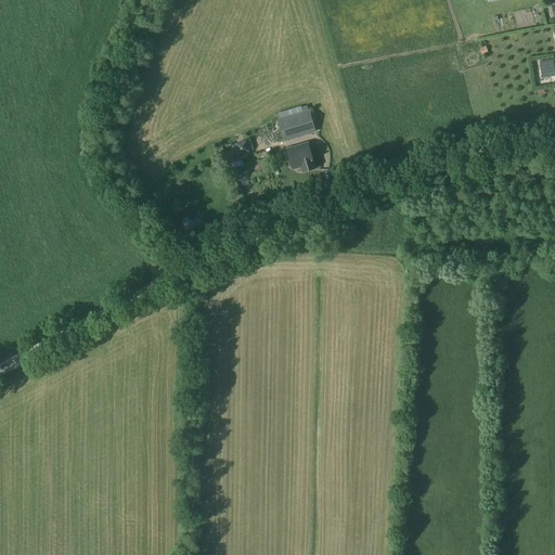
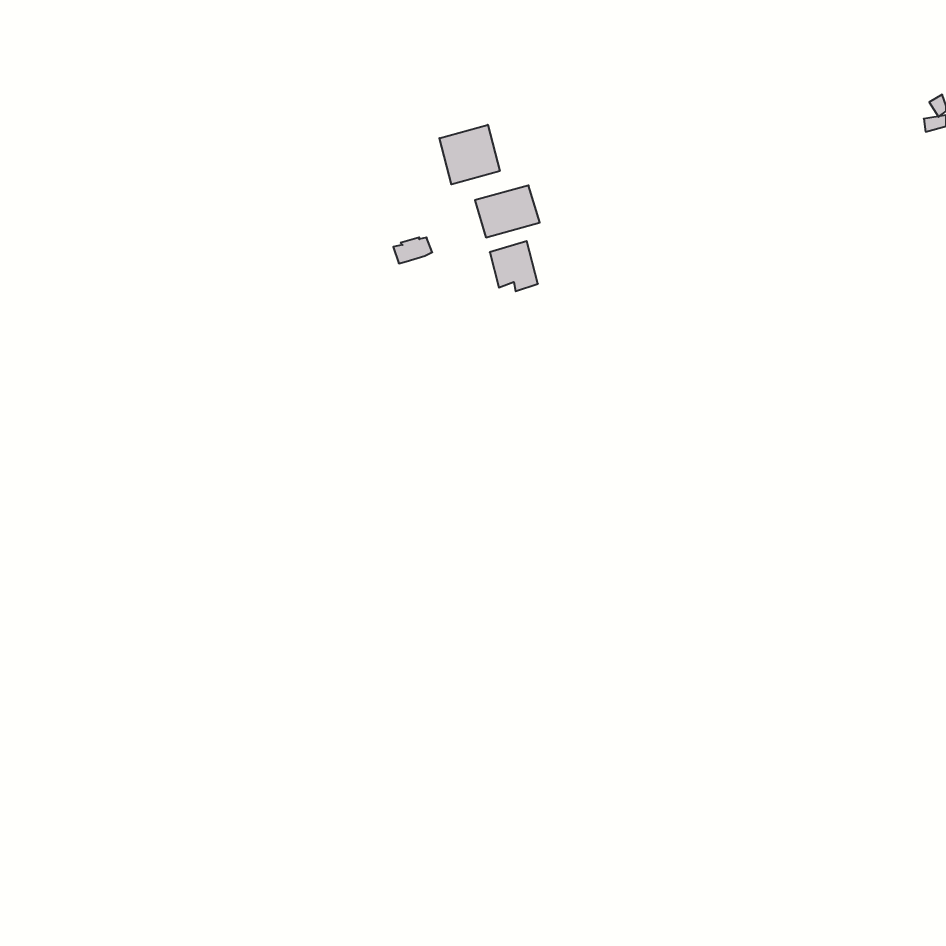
building: none -> [439,125,500,184]

